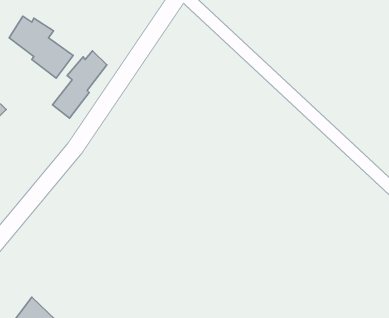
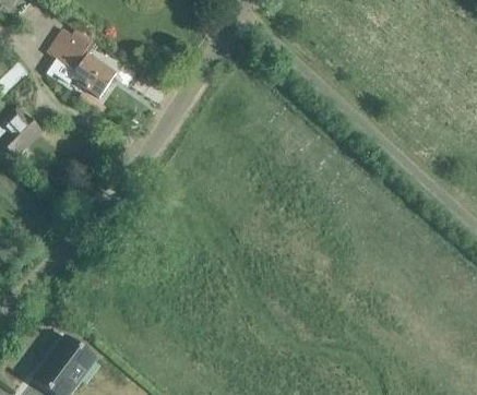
building: [52,51,107,118] -> none

